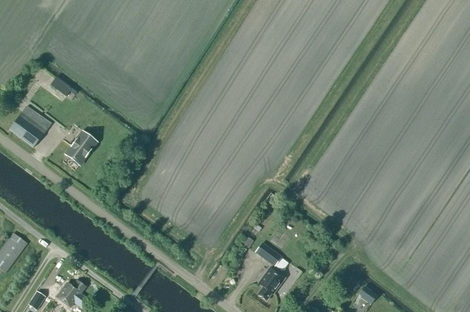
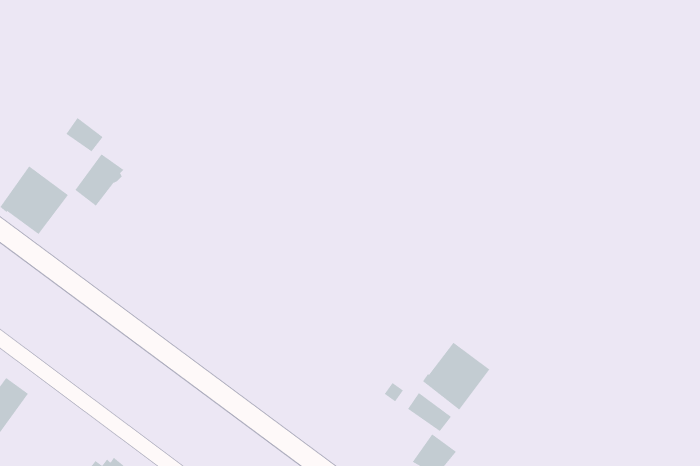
building: [66,131,96,163] -> [74,153,124,206]
building: none -> [422,342,490,411]

